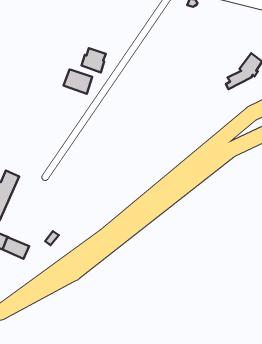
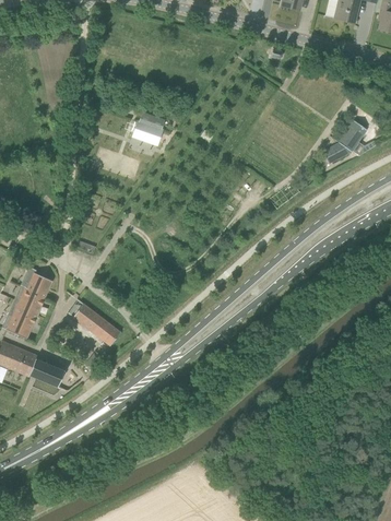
building: [63,69,92,94] -> none
building: none -> [72,303,120,345]

